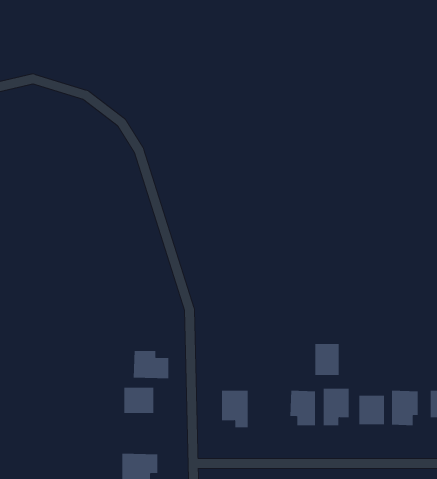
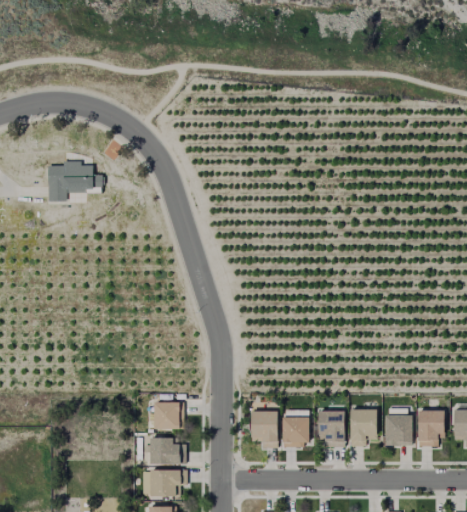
building: none -> [50,163,104,202]
building: [315,343,339,376] -> none
building: [133,350,169,379] -> [149,438,185,466]
building: none -> [281,415,308,445]

